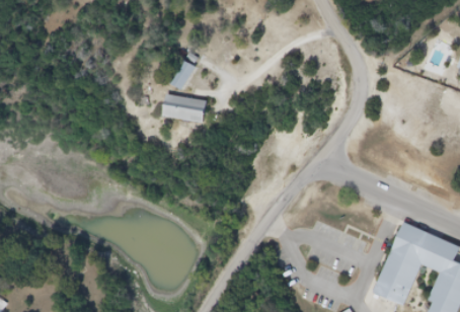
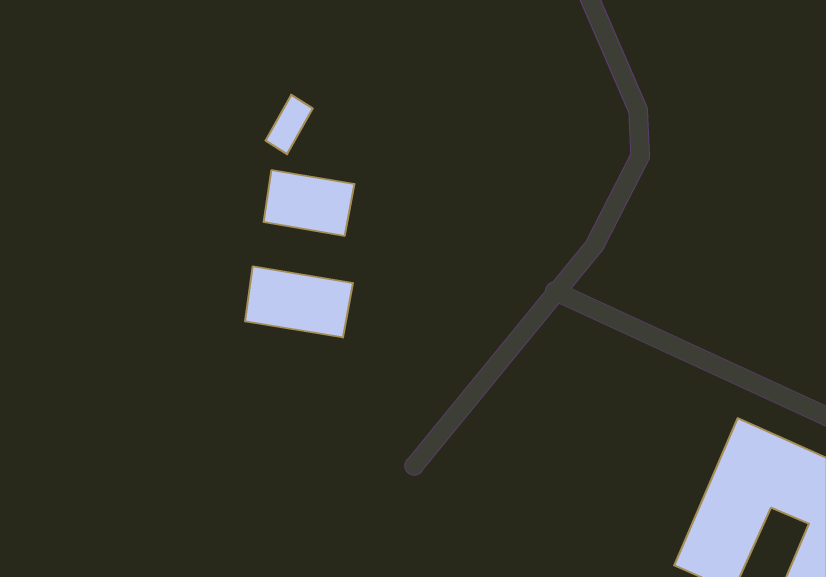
building: none -> [245,266,353,338]

